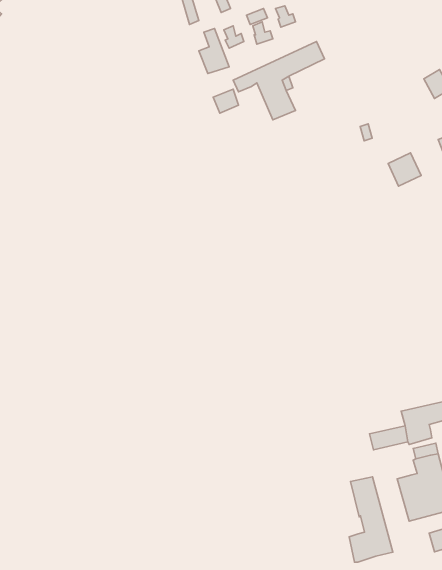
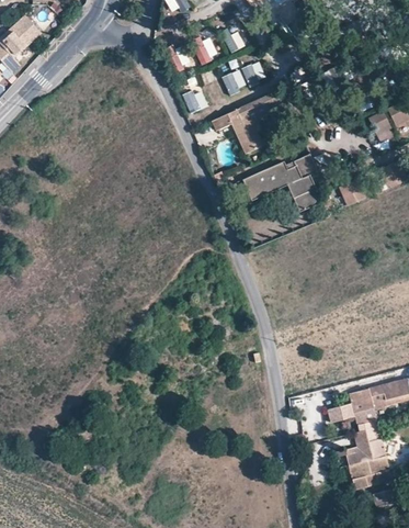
building: none -> [239,150,320,209]
building: [349,477,393,562] -> none

